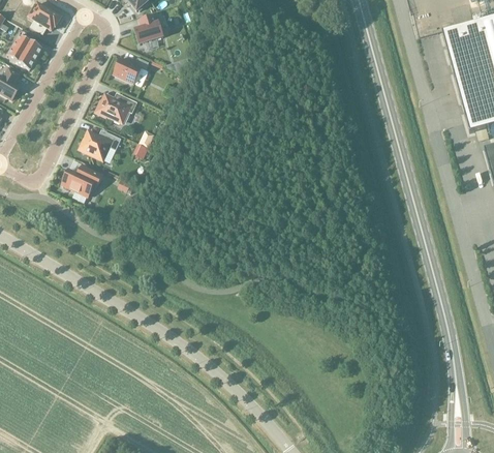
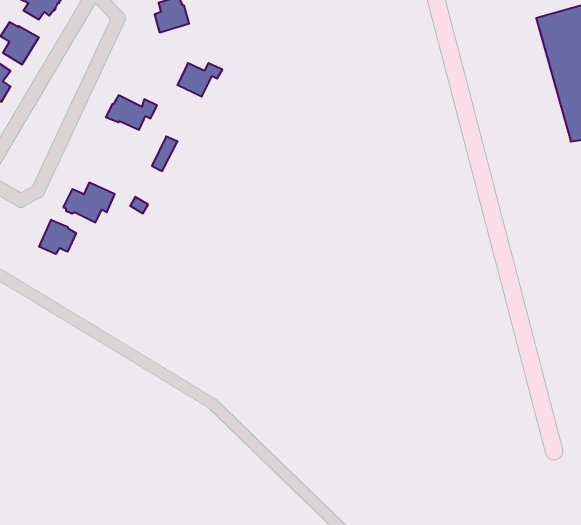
building: [114,56,150,83] -> [177,63,222,96]
building: [80,129,122,158] -> none
building: none -> [39,220,76,254]

